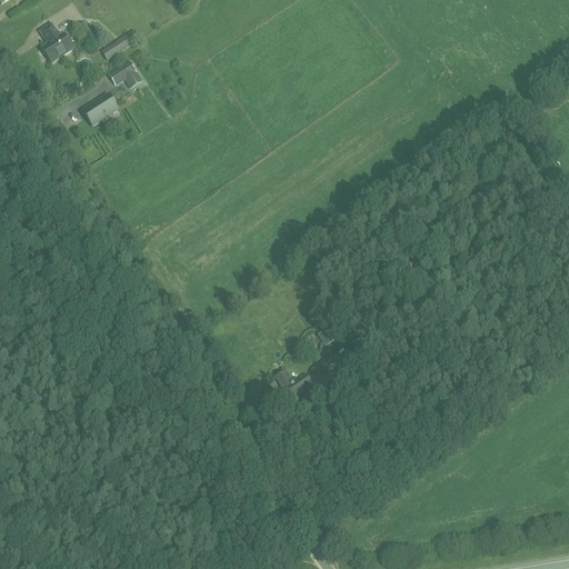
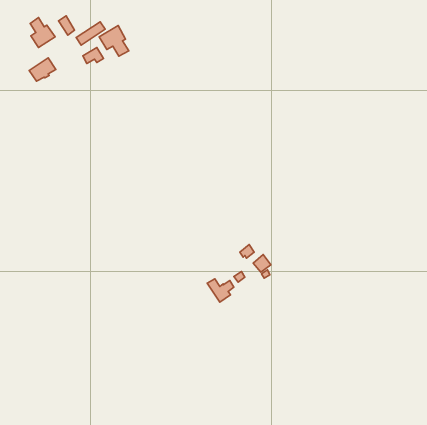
building: none -> [99,26,129,56]
building: [82,94,118,126] -> [29,58,56,81]

